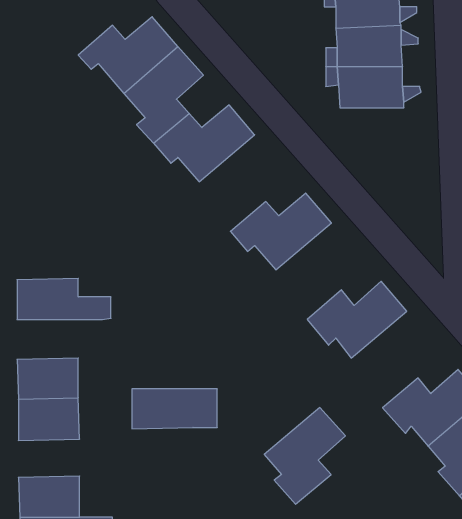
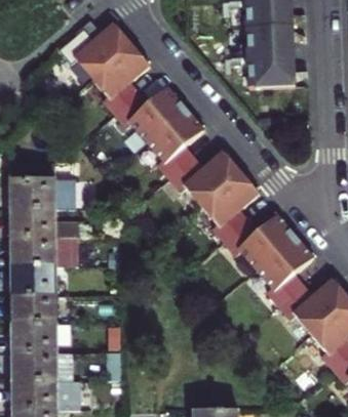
building: none -> [145,108,203,177]
building: none -> [12,165,73,212]
building: none -> [200,171,258,241]
building: [132,389,217,429] -> [13,241,75,269]
building: [264,408,345,504] -> [255,235,313,304]
building: none -> [14,327,59,355]

